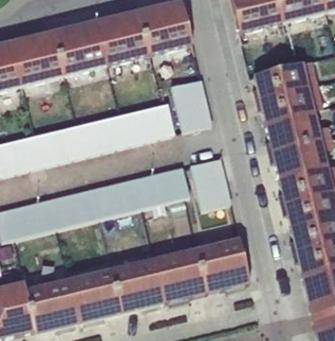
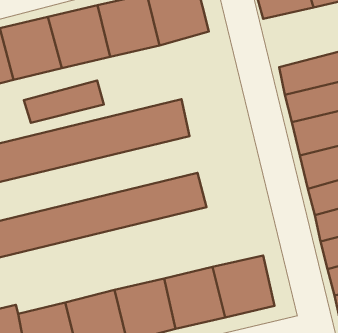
building: [172,78,213,130] -> none
building: none -> [24,80,104,123]
building: [191,157,232,209] -> none

